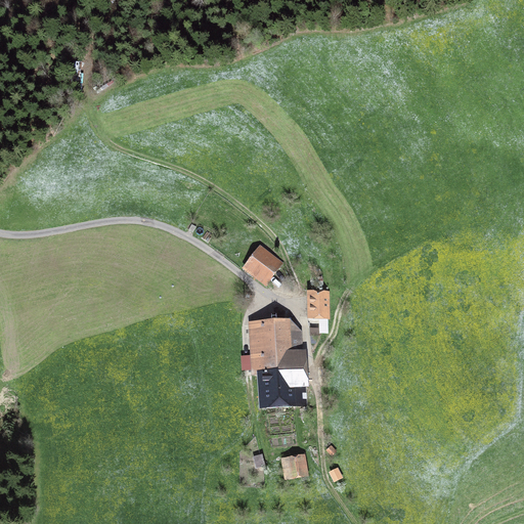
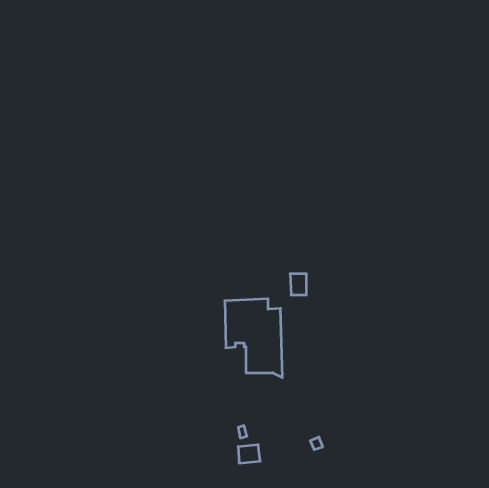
building: [248,249,279,279] -> none
building: [283,454,307,474] -> [238,445,260,463]

